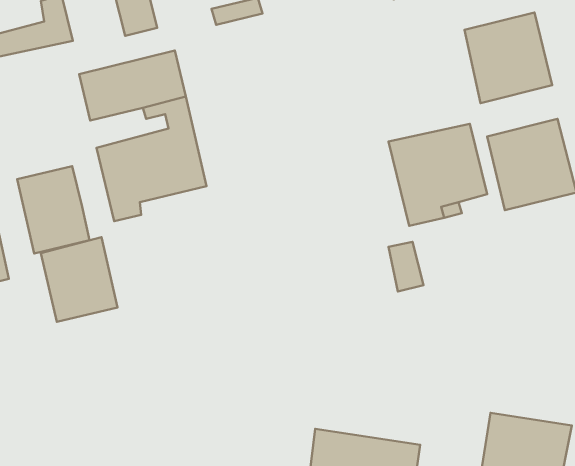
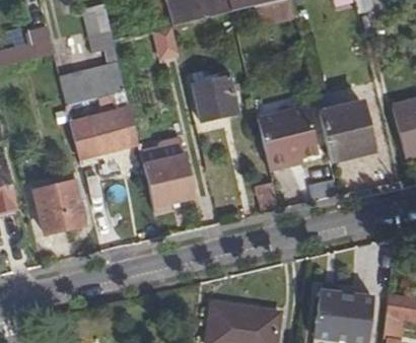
building: [465,13,552,103] -> none
building: none -> [192,70,238,122]
building: [17,166,89,253] -> none
building: none -> [138,148,194,208]

